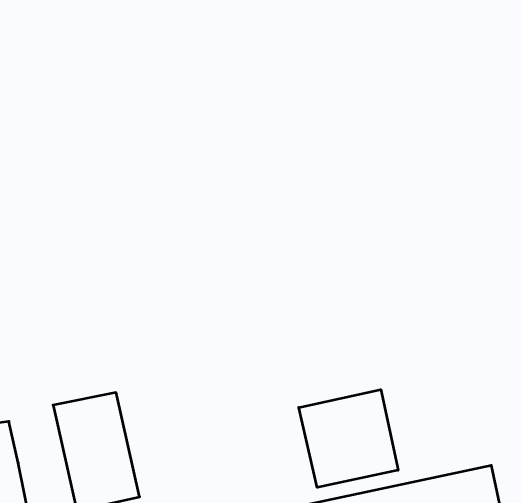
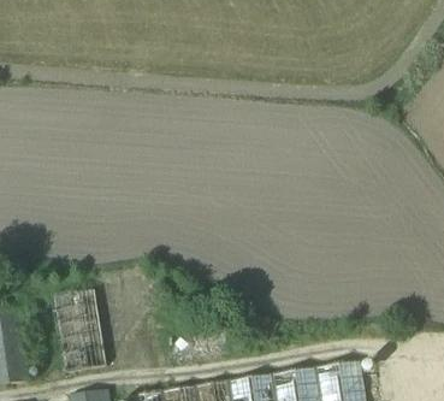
building: [299,390,398,487] -> none

